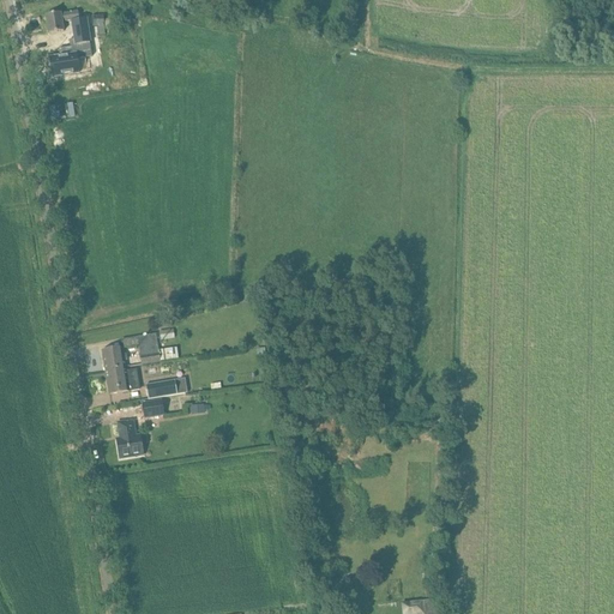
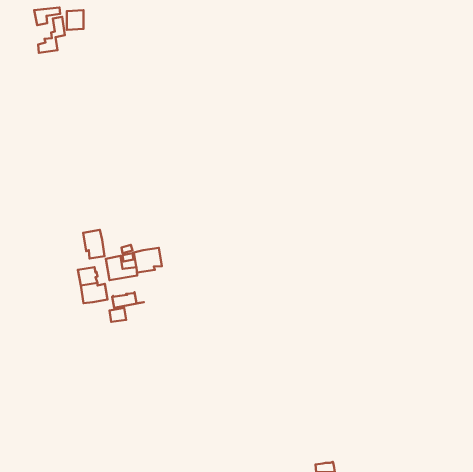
building: none -> [83,230,105,259]
building: none -> [134,248,162,273]
building: [115,419,143,457] -> none

